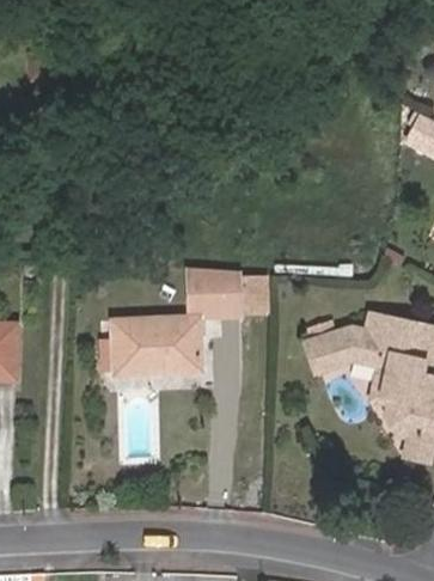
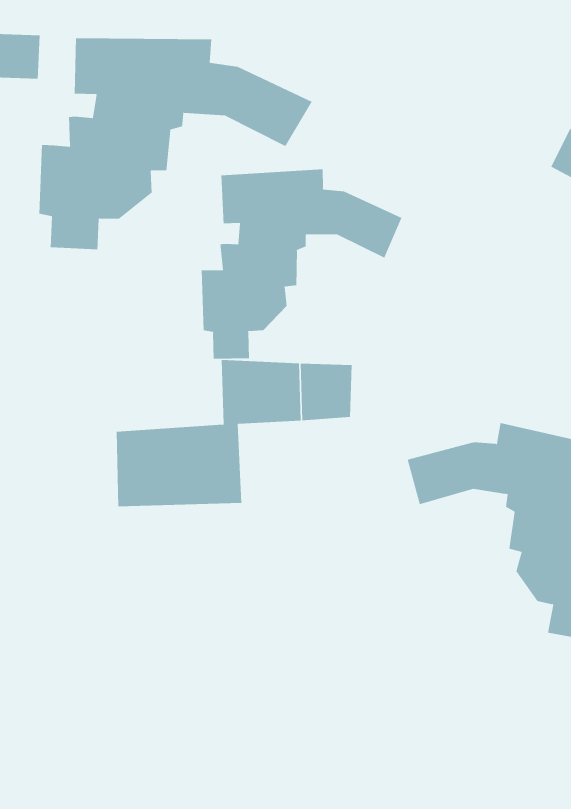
building: none -> [39,38,313,250]
building: none -> [201,169,402,360]

